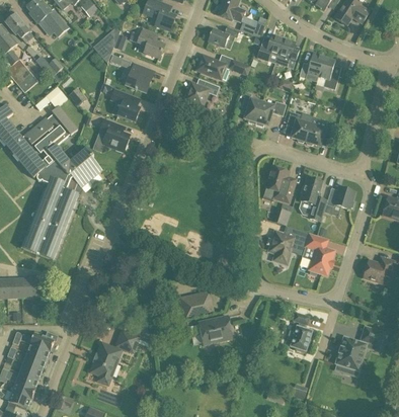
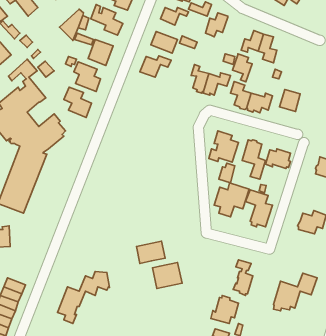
building: [276,36,299,68] -> [233,54,252,82]
building: none -> [279,89,300,111]
building: none -> [211,296,238,324]

